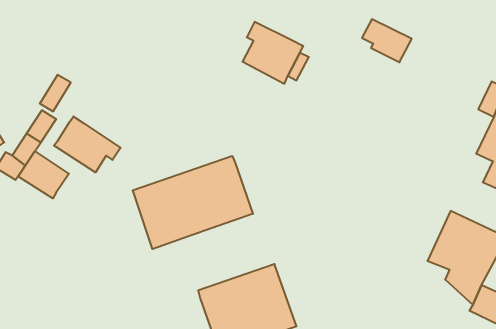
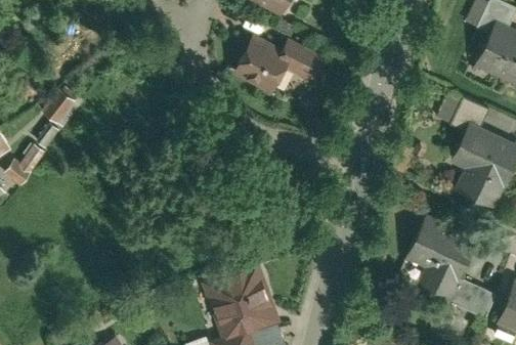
building: [362,19,412,62] -> [278,41,325,81]
building: [54,116,121,172] -> none
building: [18,151,69,198] -> none
building: [133,156,253,249] -> none

